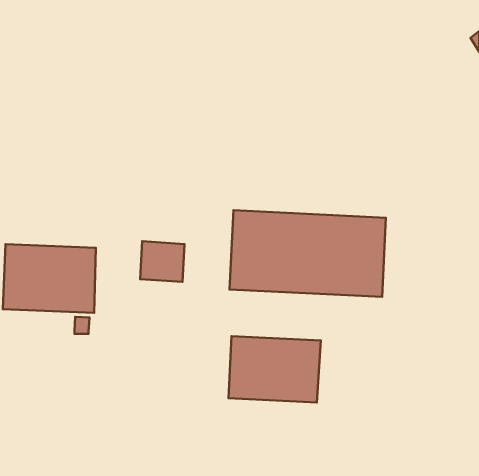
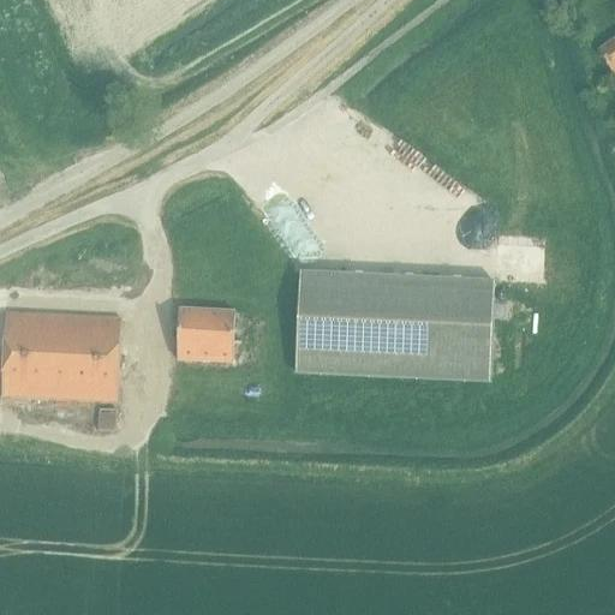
building: [228,336,321,402] -> none

